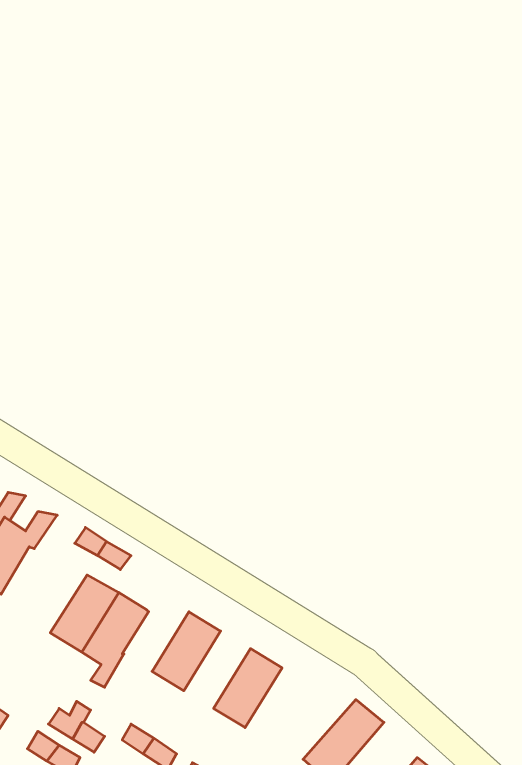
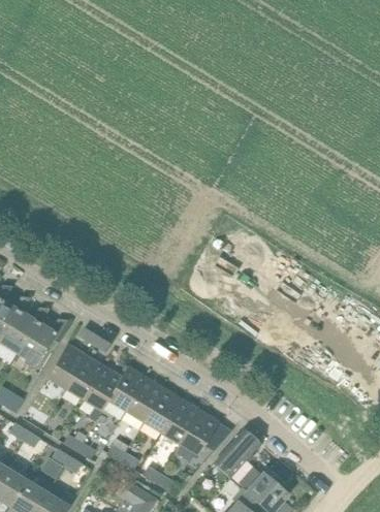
building: none -> [46,345,87,390]
building: none -> [107,366,147,413]
building: none -> [144,389,183,435]
building: none -> [180,411,220,457]

